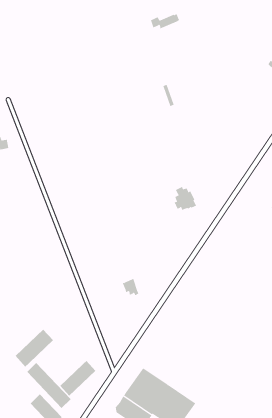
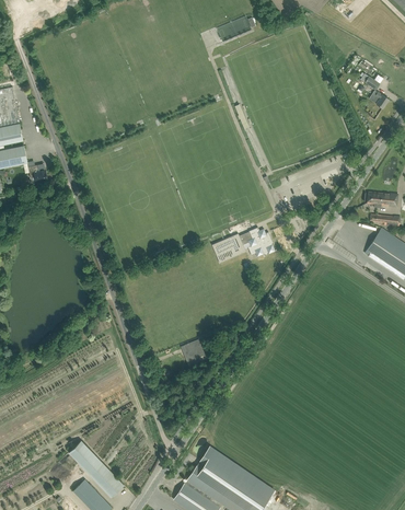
building: none -> [212,233,246,263]
building: [15,329,54,367] -> none
building: [59,360,96,397] -> none

